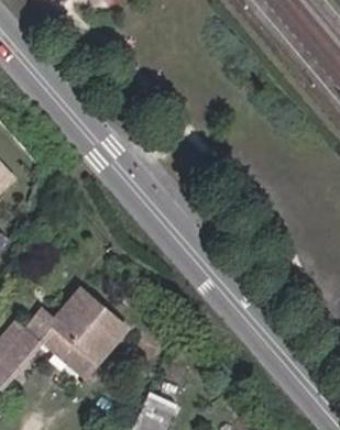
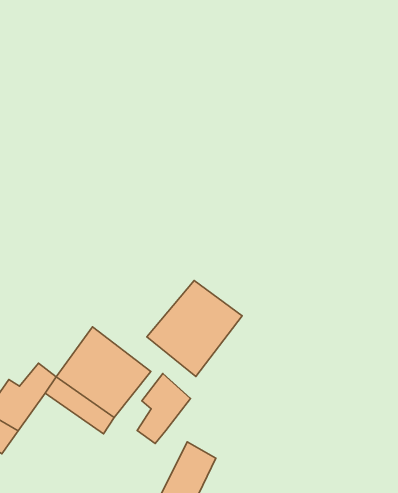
building: none -> [147,280,242,376]
building: none -> [137,373,190,443]

